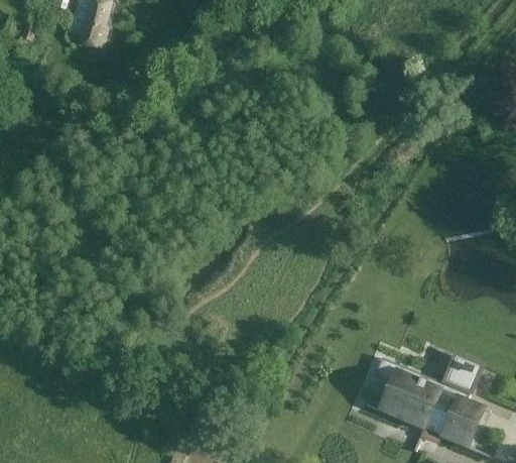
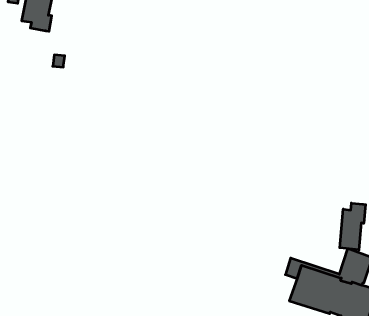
building: none -> [340,203,366,250]

